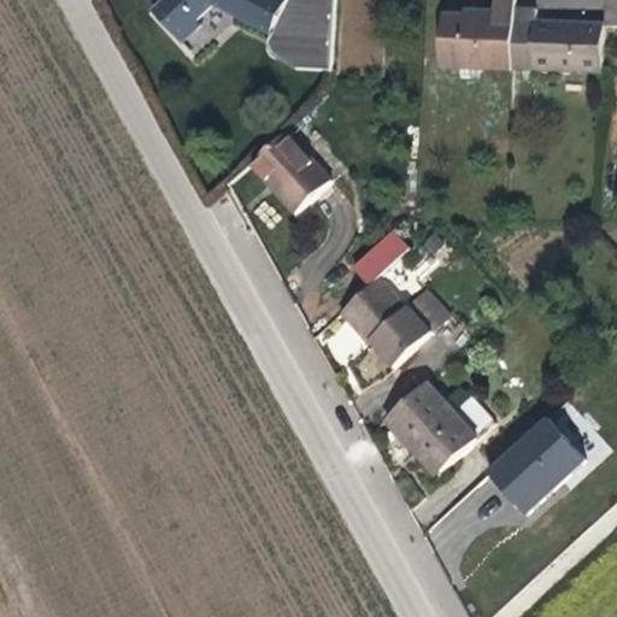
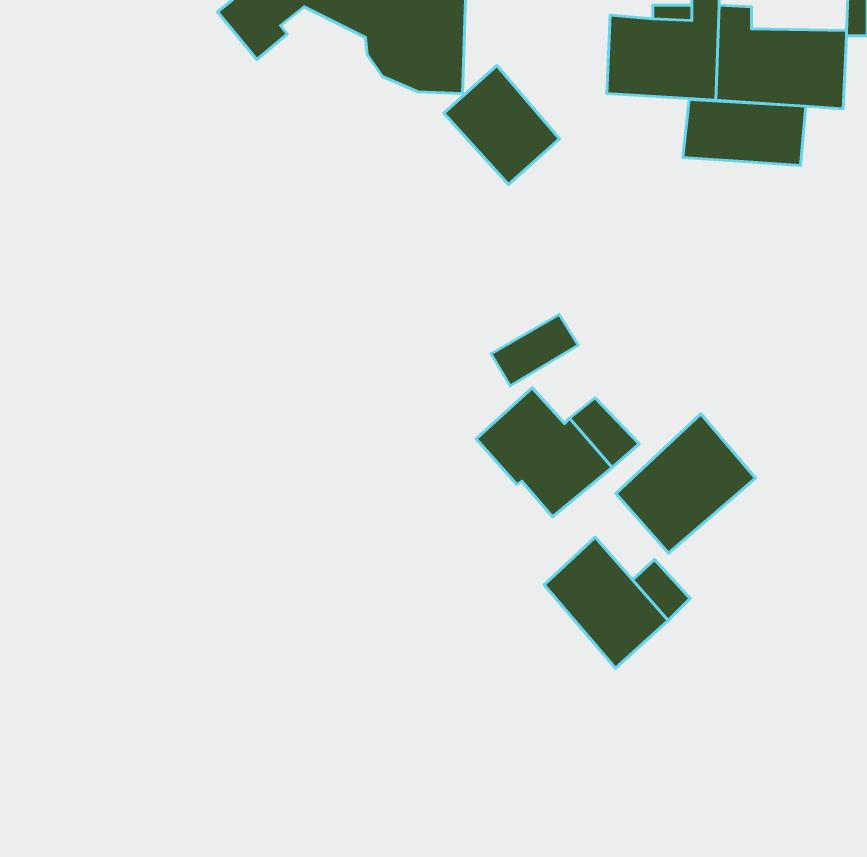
building: none -> [683,99,806,165]
building: [248,127,330,211] -> [444,66,560,185]
building: [484,413,583,512] -> [616,414,755,553]

